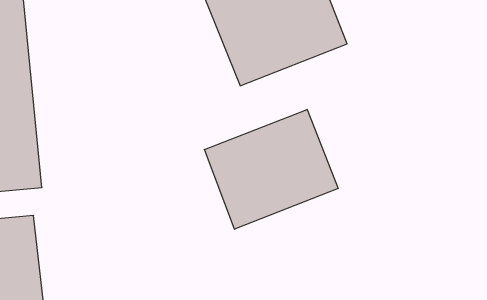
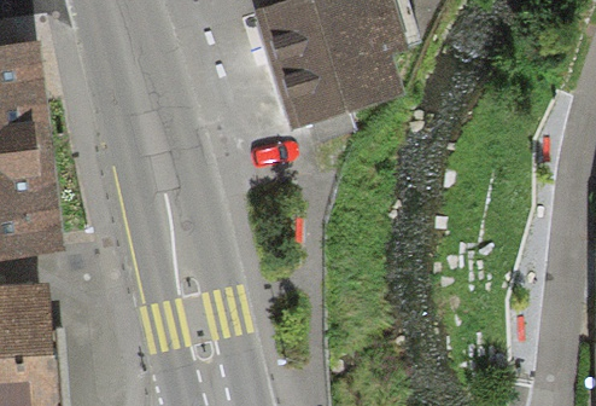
building: [204,109,338,229] -> none

